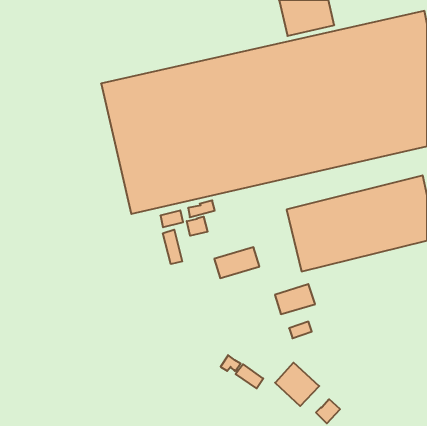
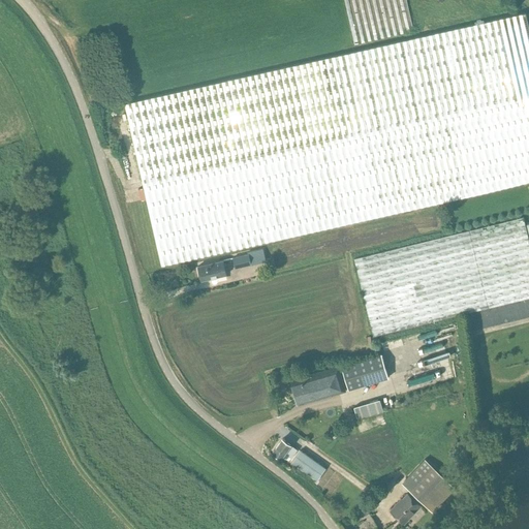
building: [187,217,208,236] -> none
building: [163,230,182,264] -> none
building: [214,247,259,278] -> [290,368,346,406]
building: [275,363,319,406] -> [404,459,459,512]

